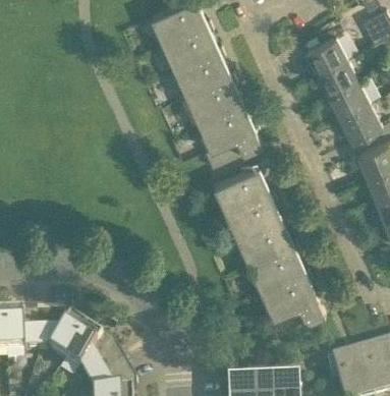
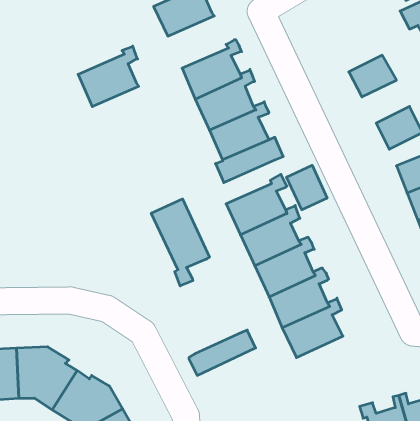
building: [160,13,212,65] -> [78,46,139,107]
building: [303,31,343,68] -> none
building: [326,75,367,112] -> none
building: none -> [287,165,327,210]
building: none -> [151,199,209,286]
building: [265,292,322,331] -> [189,330,256,375]

